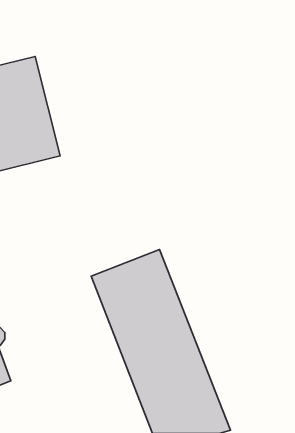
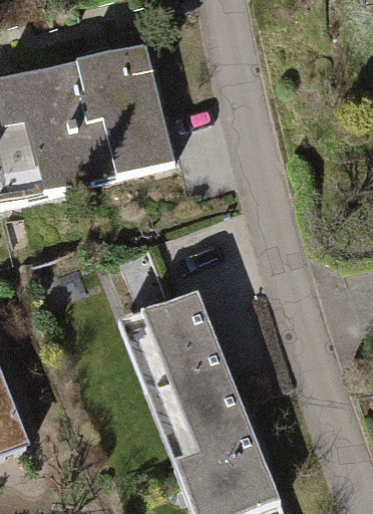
building: none -> [53,43,173,182]

